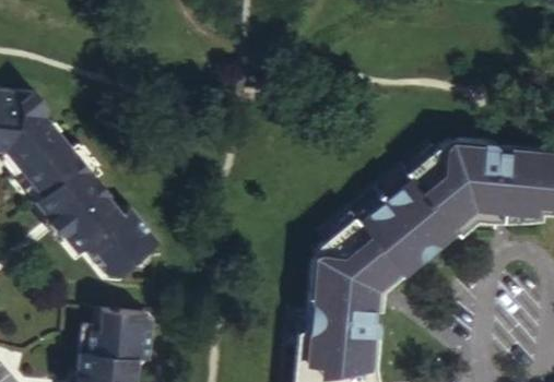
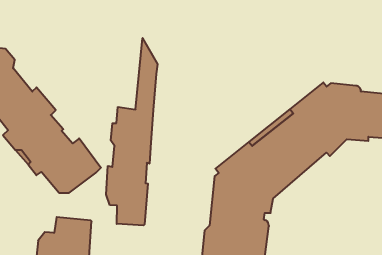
building: none -> [106,38,158,225]

